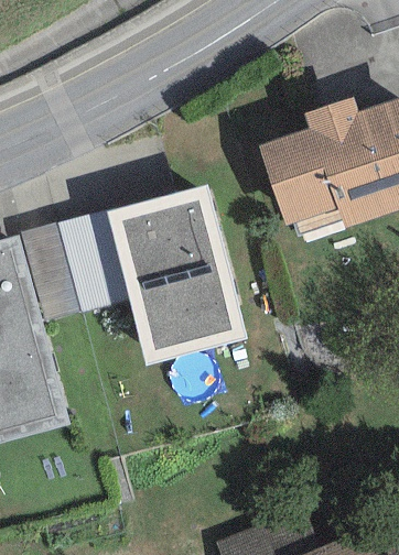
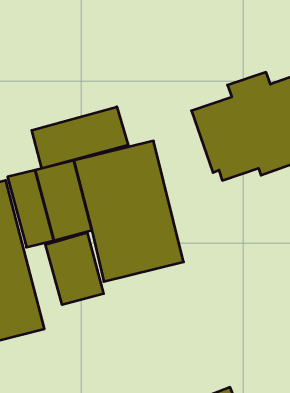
building: none -> [32,107,128,168]
building: none -> [45,233,104,305]

